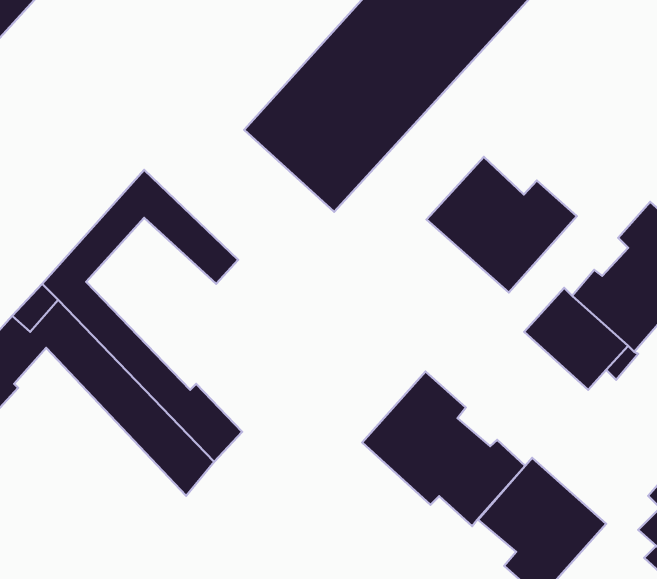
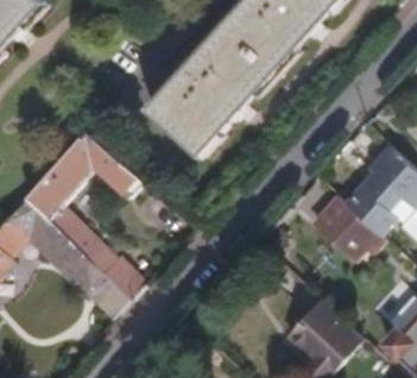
building: [427,157,577,293] -> none
building: [362,371,525,526] -> none

